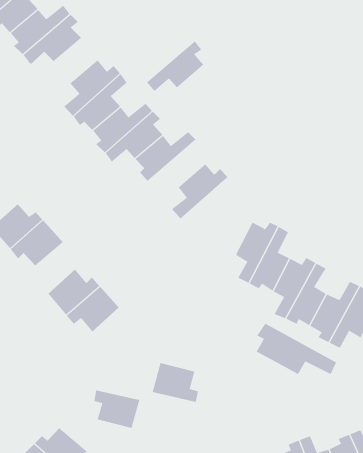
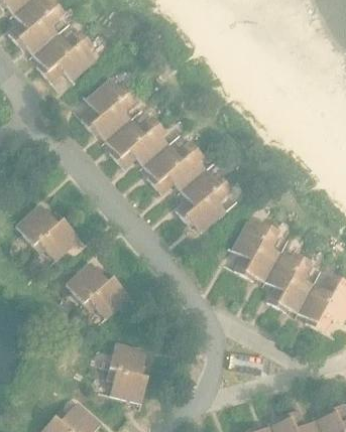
building: [146,40,204,92] -> [153,148,205,193]
building: none -> [183,181,231,232]
building: [256,323,337,375] -> none
building: [152,362,199,402] -> [108,342,149,378]

